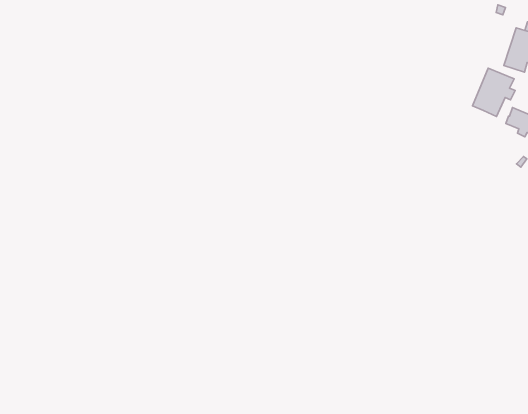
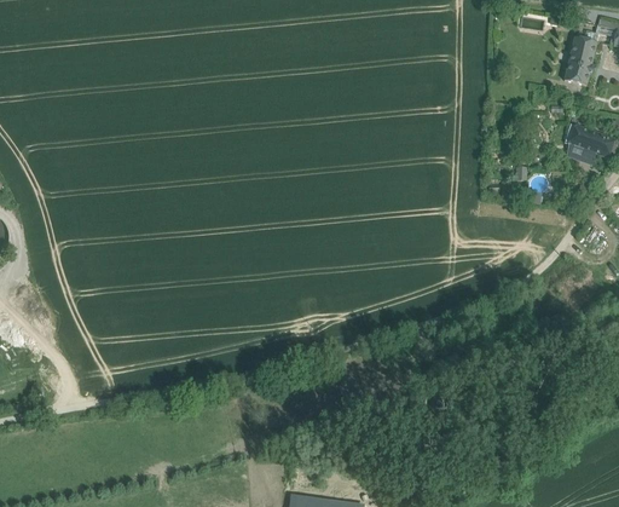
building: [473,68,515,117] -> none

